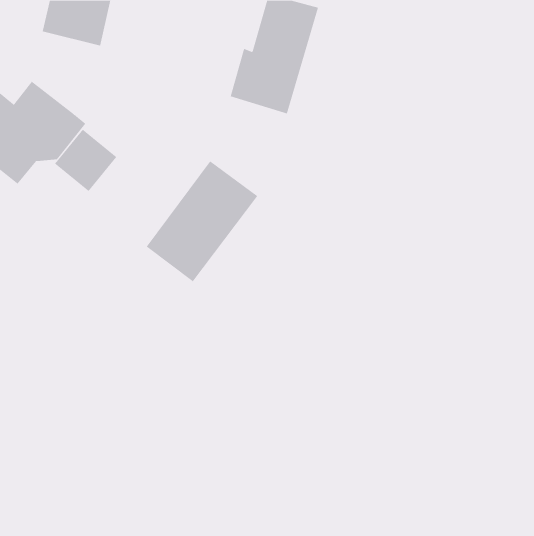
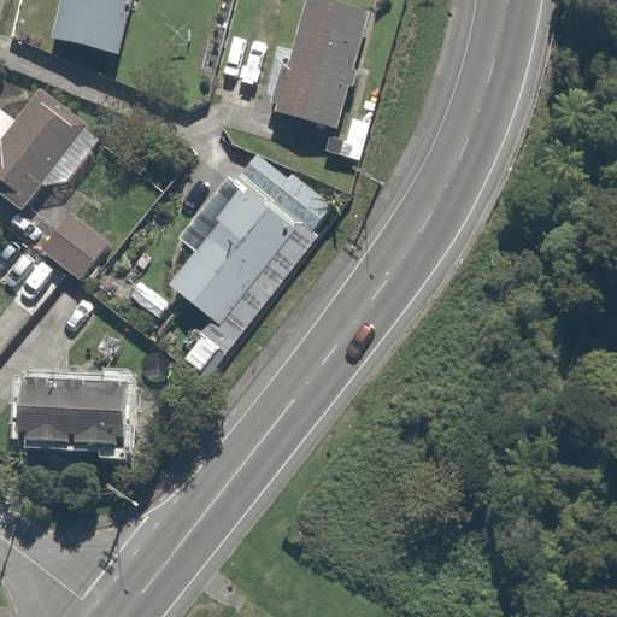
building: none -> [234,147,335,236]
building: [54,129,117,192] -> [40,211,112,283]
building: none -> [20,377,134,447]

